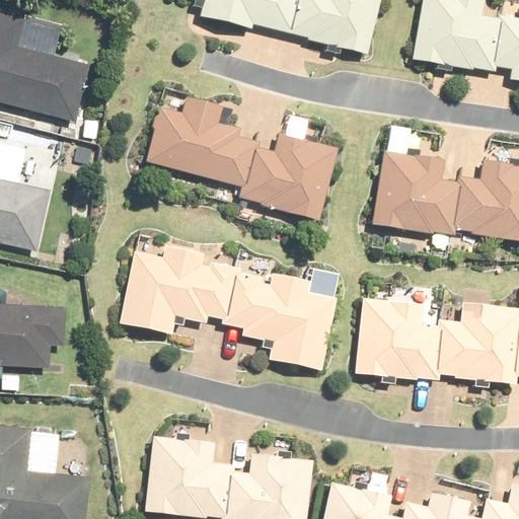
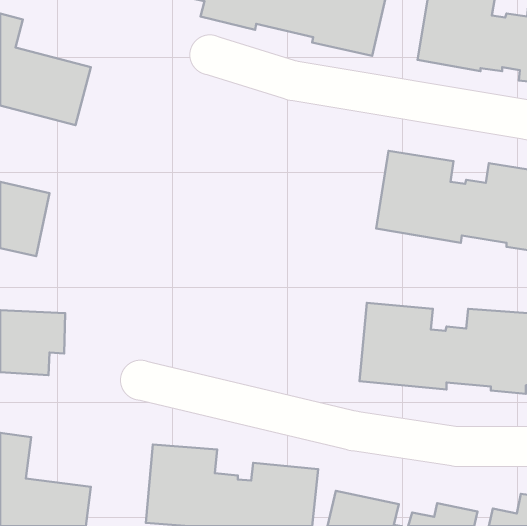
building: [145,97,338,221] -> none
building: [119,246,338,373] -> none

